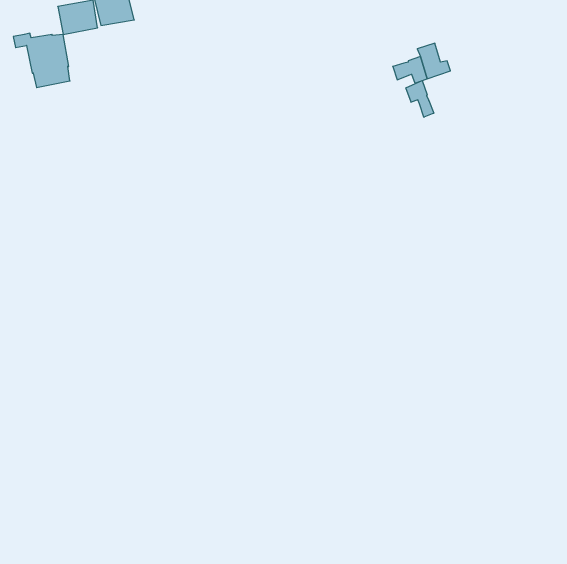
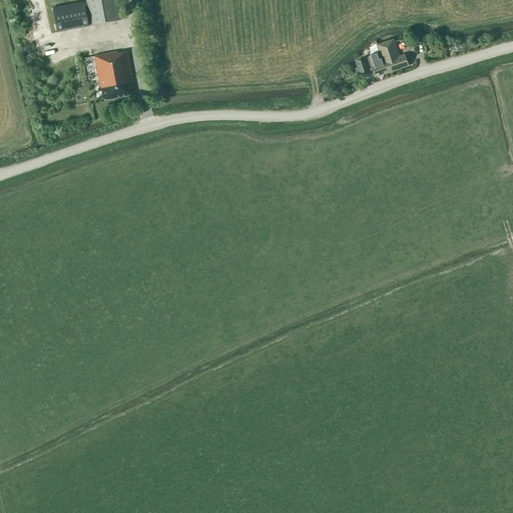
building: [13,33,70,88] -> [82,49,133,98]
building: [406,81,434,117] -> none

